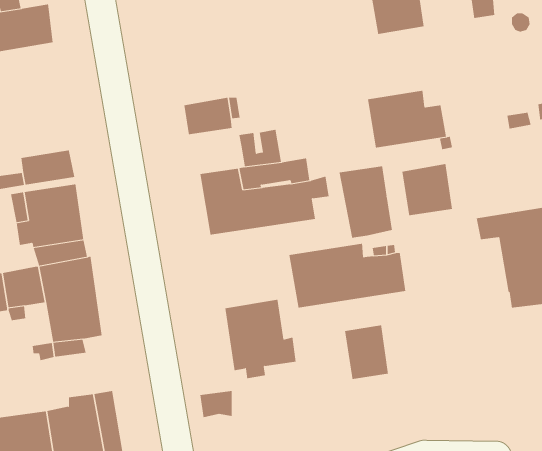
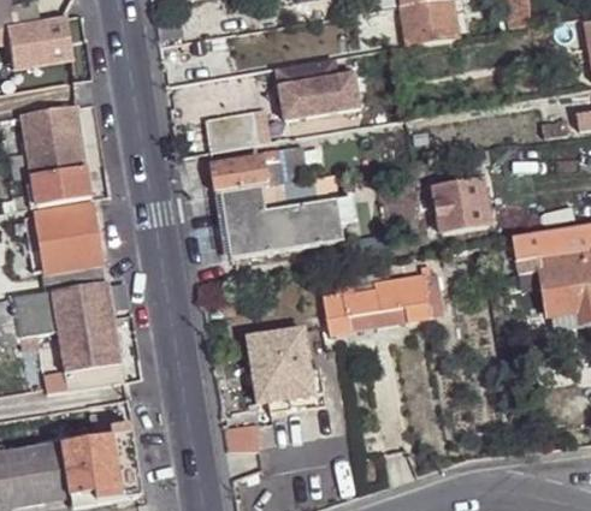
building: [367,90,447,148] -> [276,59,360,120]
building: none -> [19,107,83,177]
building: none -> [211,161,267,195]
building: [339,166,392,239] -> none
building: [345,325,389,380] -> none

